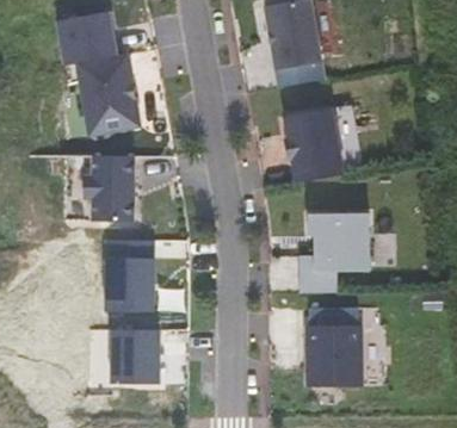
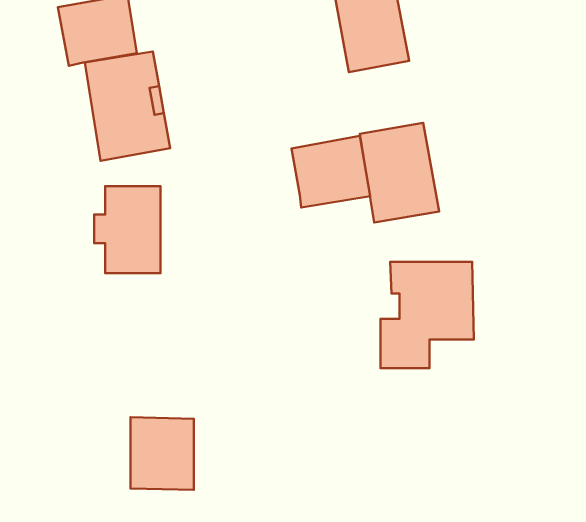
building: none -> [291,136,370,208]
building: [106,258,155,311] -> none
building: [308,306,364,386] -> none

